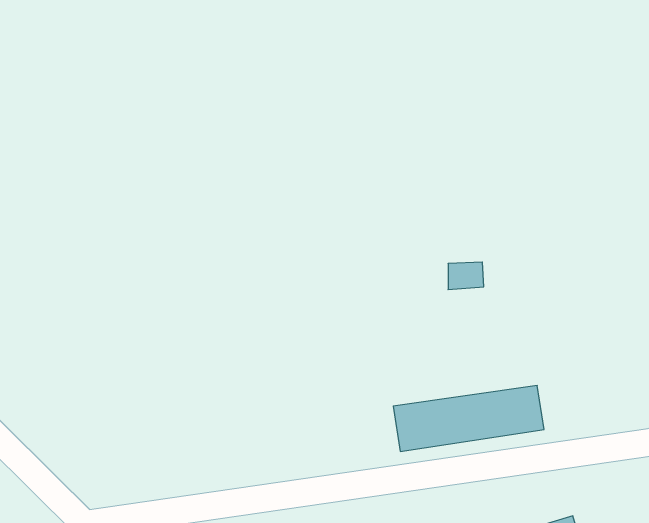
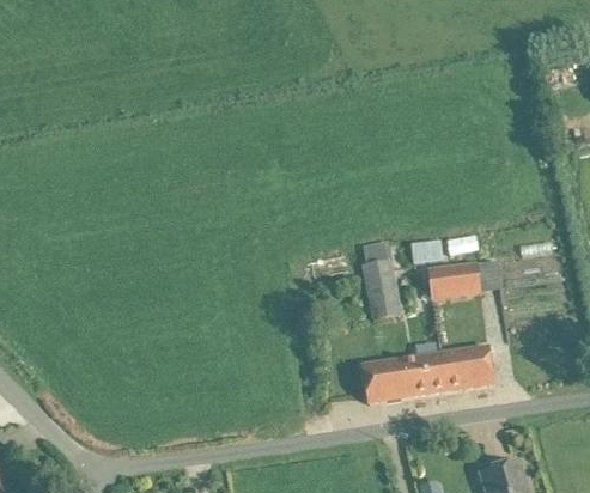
building: none -> [361,237,402,317]
building: none -> [428,262,480,298]

